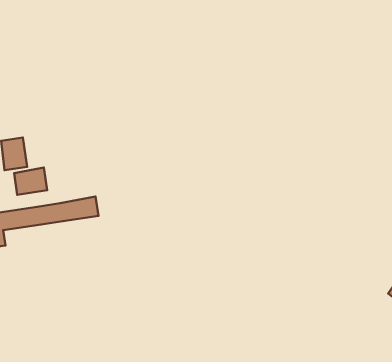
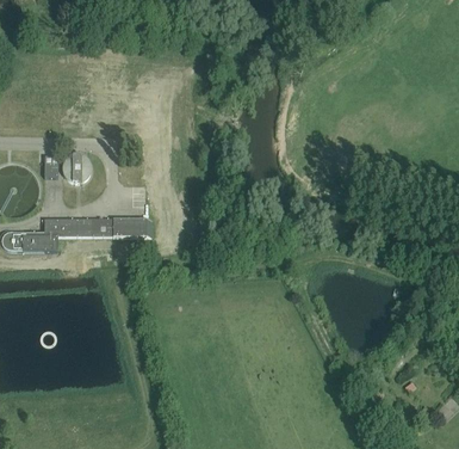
building: [14,167,47,195] -> none

